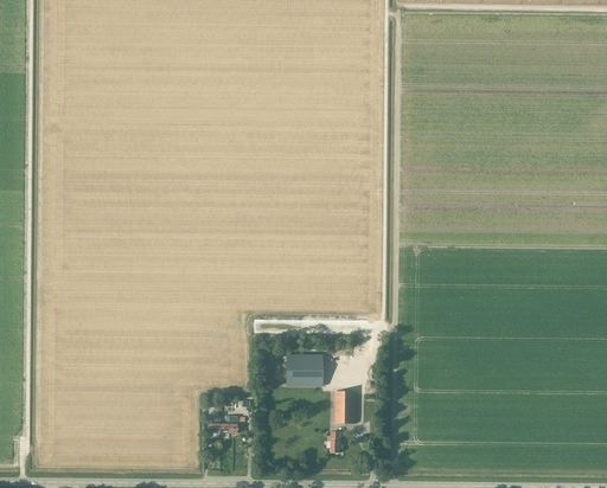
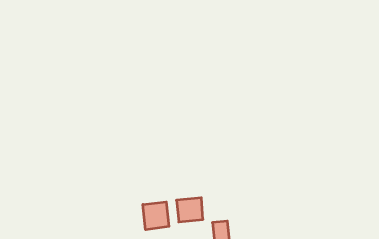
building: none -> [143,202,169,230]

